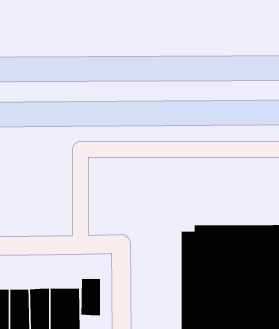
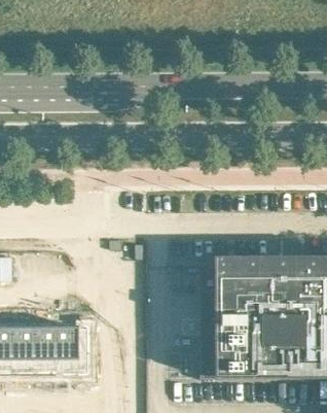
building: [80,278,101,318] -> none

